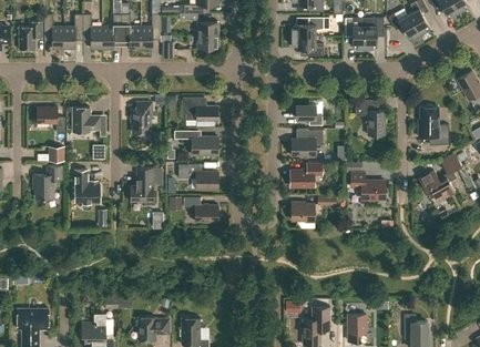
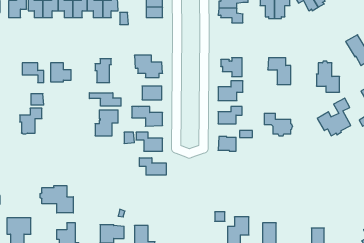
building: none -> [89,93,121,106]
building: [75,170,100,202] -> none
building: none -> [139,158,166,175]
building: none -> [40,186,73,213]

